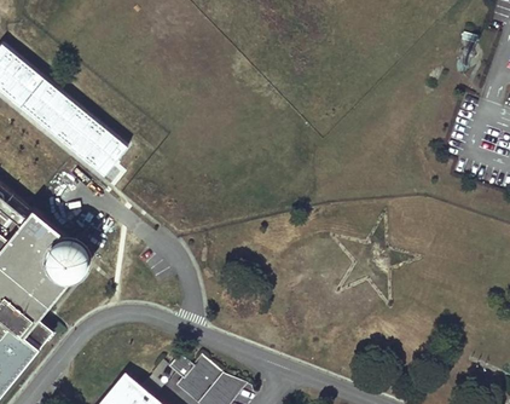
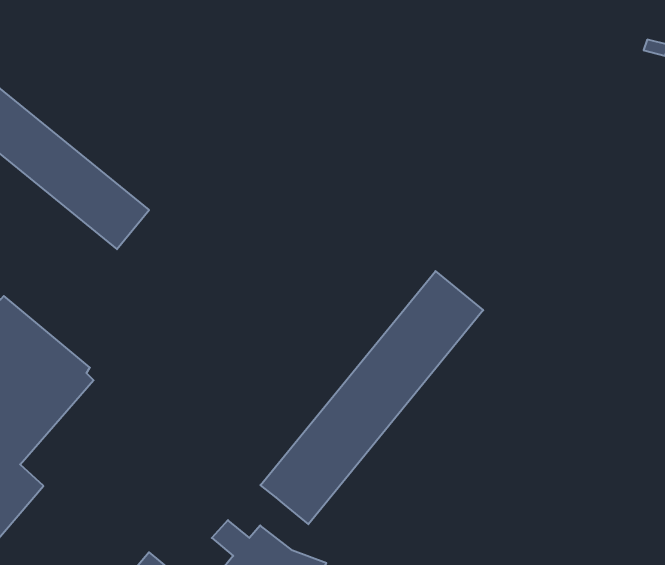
building: none -> [260,271,483,524]

